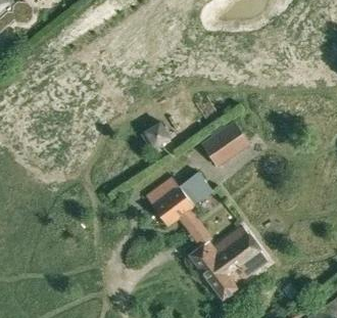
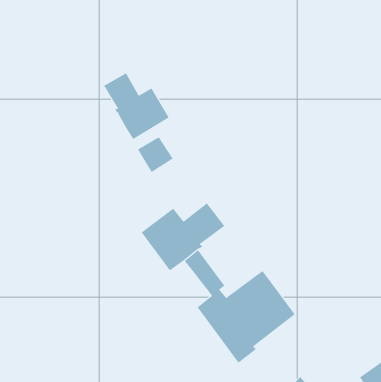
building: none -> [104,73,169,140]
building: [199,121,249,167] -> none

